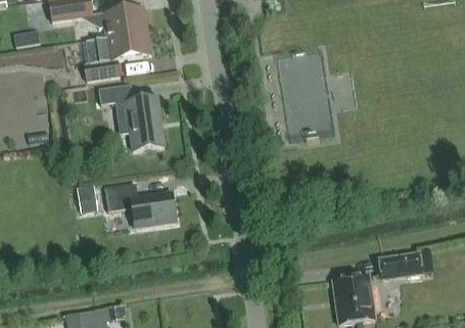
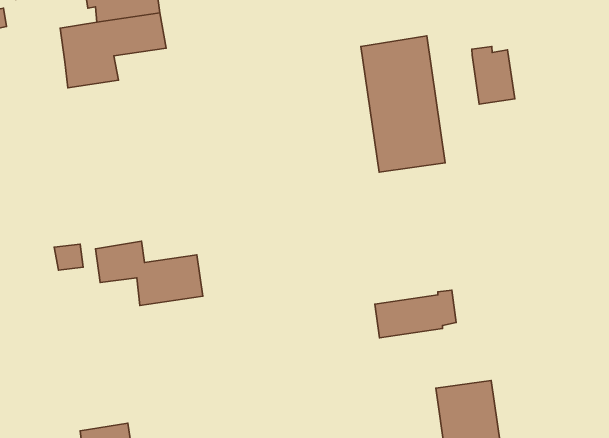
building: none -> [472,46,515,104]
building: [98,85,165,151] -> none
building: [378,248,432,280] -> [375,290,456,338]

